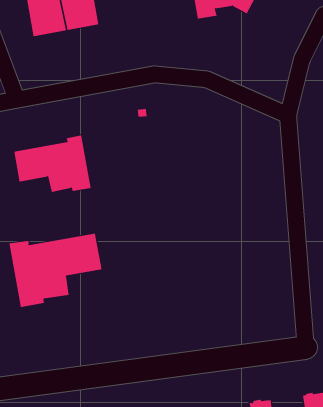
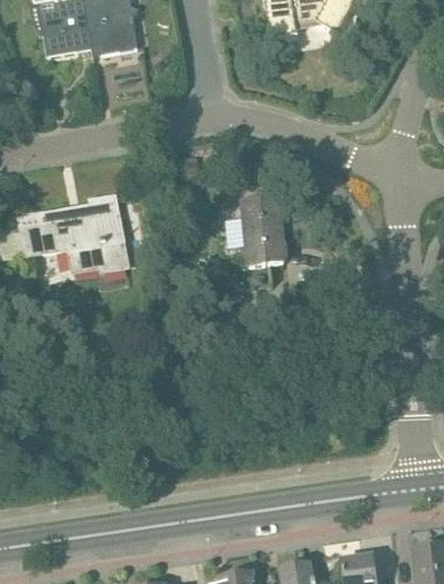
building: none -> [243,195,284,262]
building: [9,233,102,308] -> none

